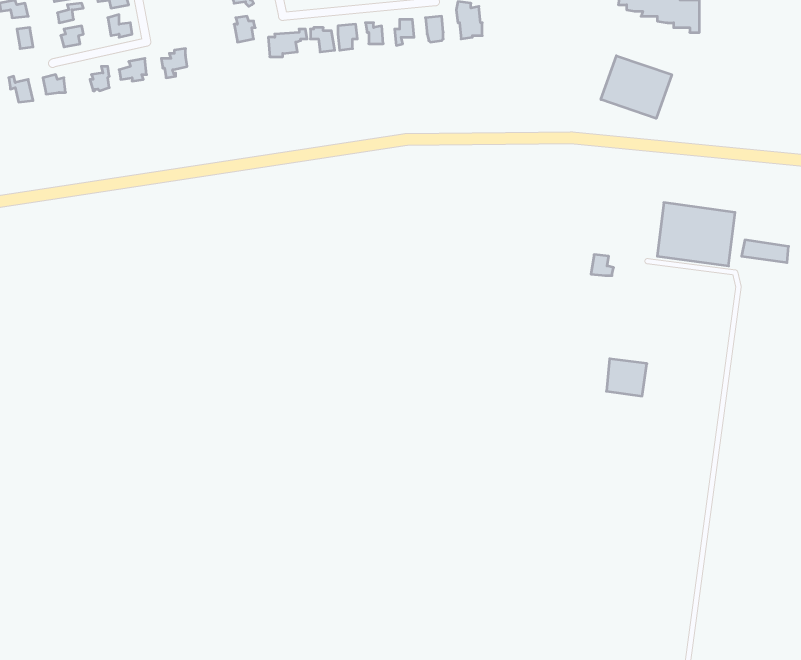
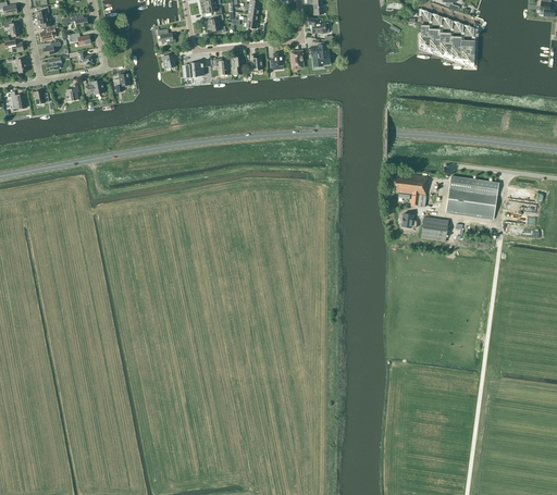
building: [601,56,672,118] -> none
building: none -> [388,173,426,206]
building: [606,359,647,396] -> [420,215,447,240]

